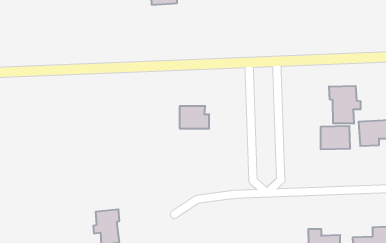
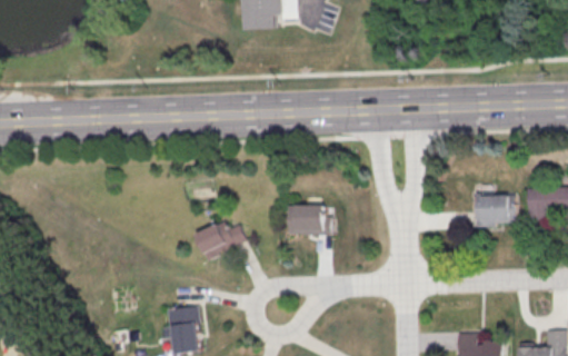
building: [329,86,361,124] -> none
building: [180,106,209,128] -> [287,205,327,235]
building: none -> [195,220,246,259]

